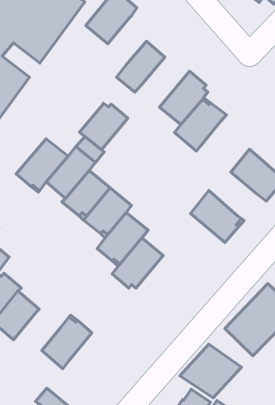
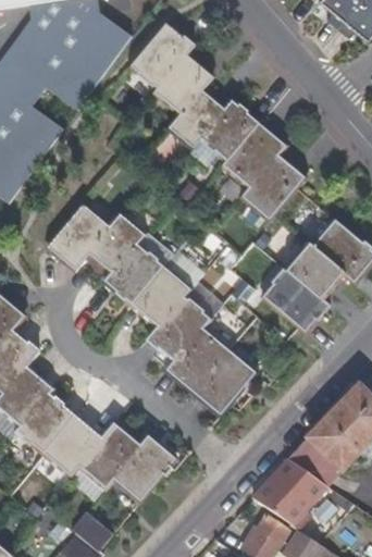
building: none -> [158,55,216,113]
building: [79,103,128,150] -> [202,102,262,160]
building: none -> [286,242,346,300]
building: none -> [193,349,257,413]
building: none -> [45,419,103,476]
building: none -> [113,436,173,503]
building: none -> [286,440,340,487]

